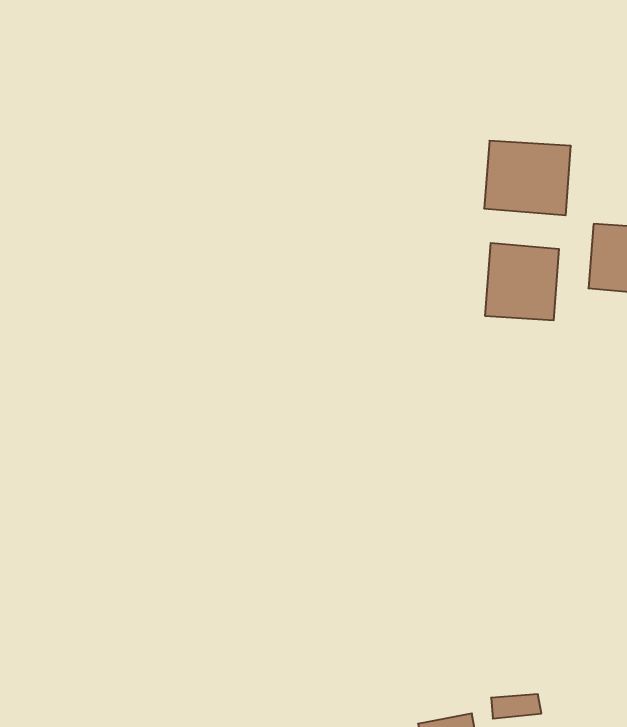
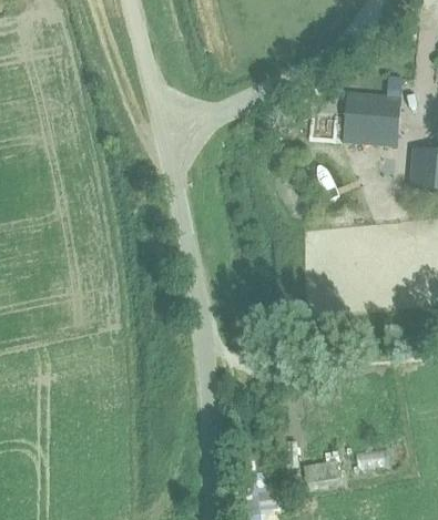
building: [485,243,559,320] -> none

